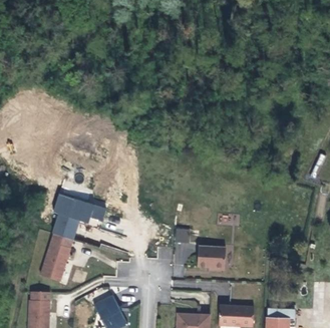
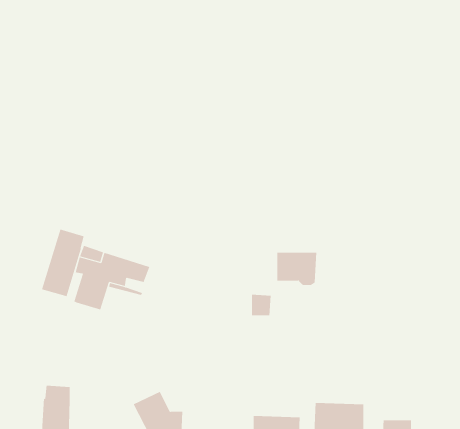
building: [41,234,71,281] -> [41,229,84,297]
building: [199,245,227,268] -> [277,252,317,285]

